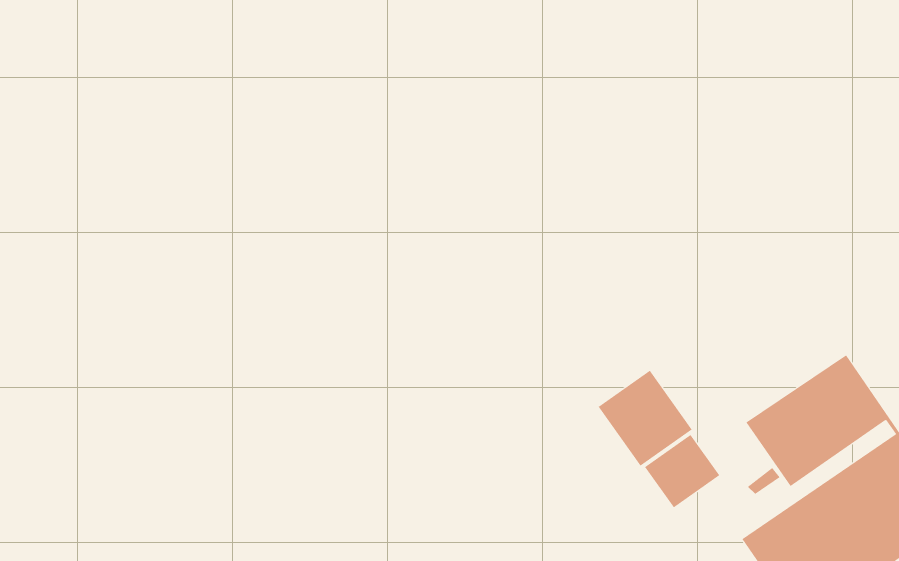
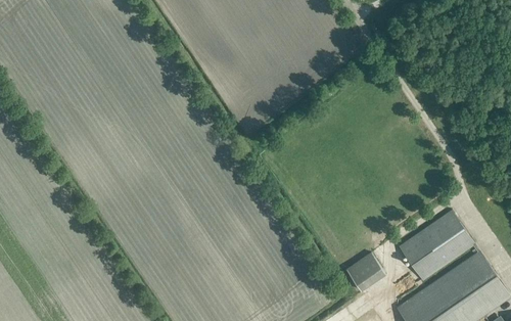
building: [598,370,693,467] -> none

